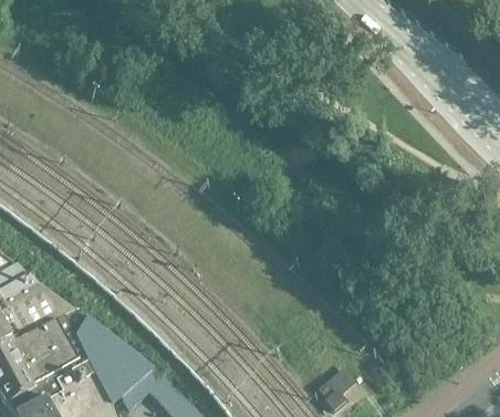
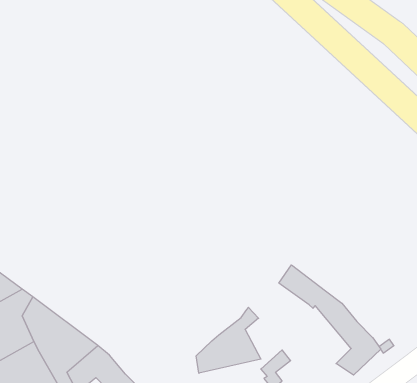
building: none -> [279,265,381,375]
building: none -> [196,307,261,373]

